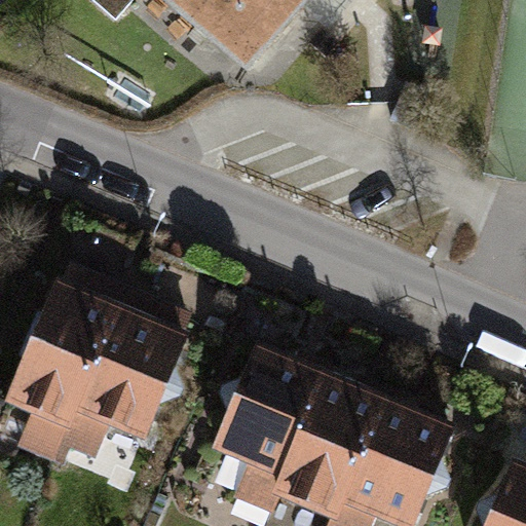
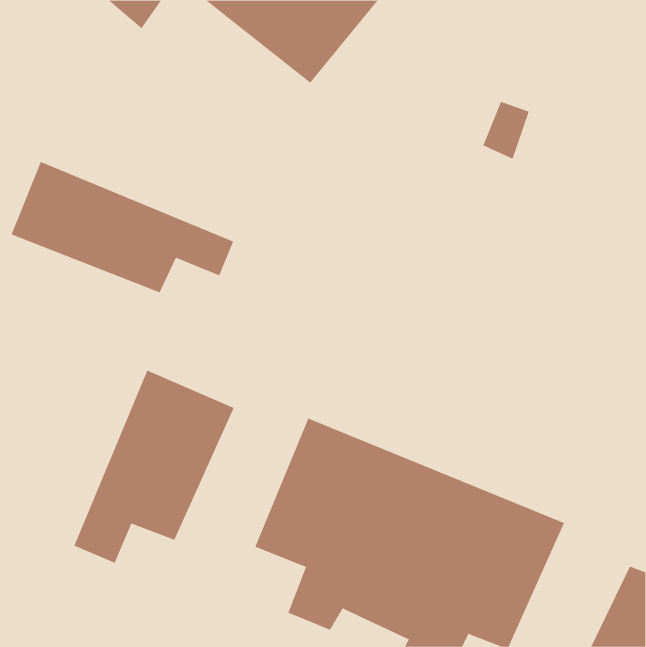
building: none -> [11,161,234,293]
building: [6,273,119,461] -> none

